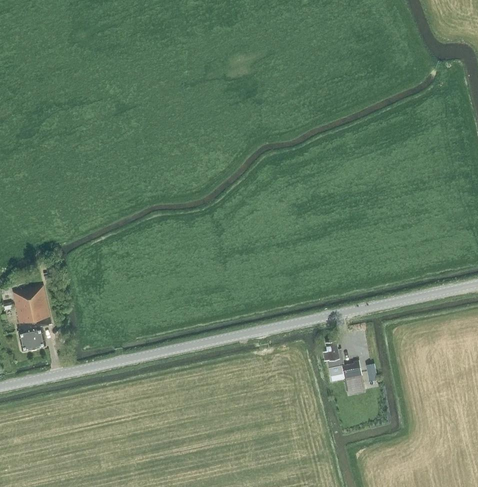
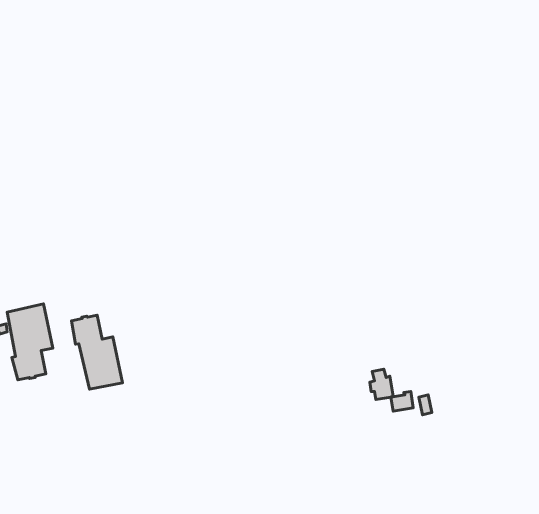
building: none -> [72,315,123,389]

